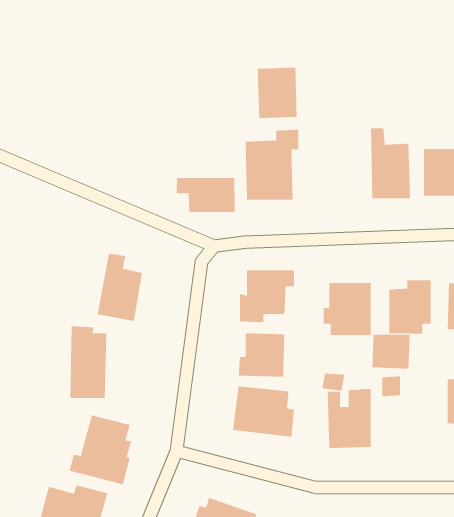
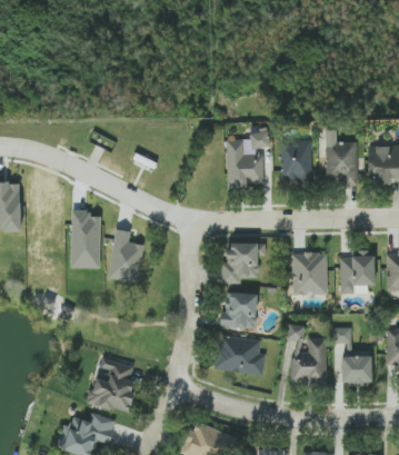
building: [257,67,297,119] -> [280,141,312,182]
building: [176,177,235,213] -> none
building: [69,326,107,398] -> [71,210,101,268]
building: [371,334,411,369] -> [341,356,372,384]

